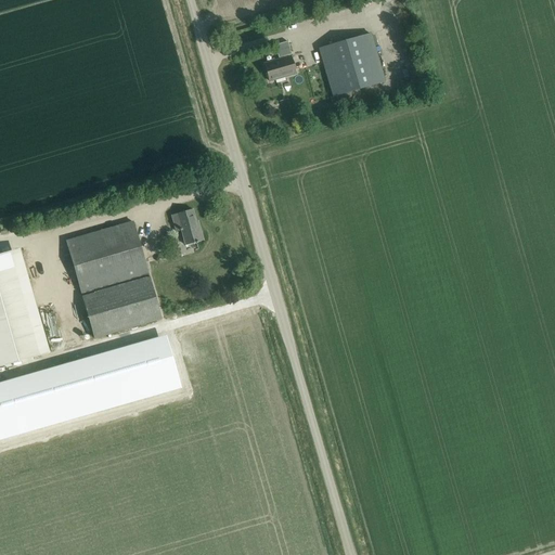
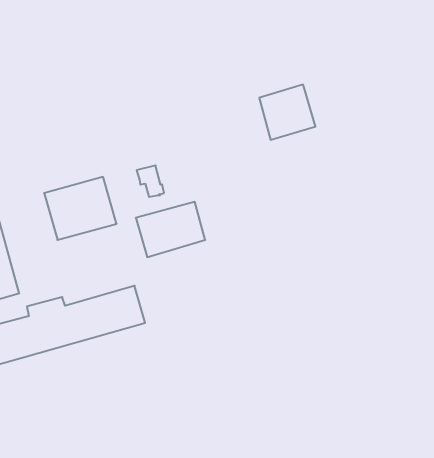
building: [320,31,384,94] -> [259,85,315,140]
building: [264,54,296,79] -> none
building: [81,273,160,336] -> [136,202,205,257]

